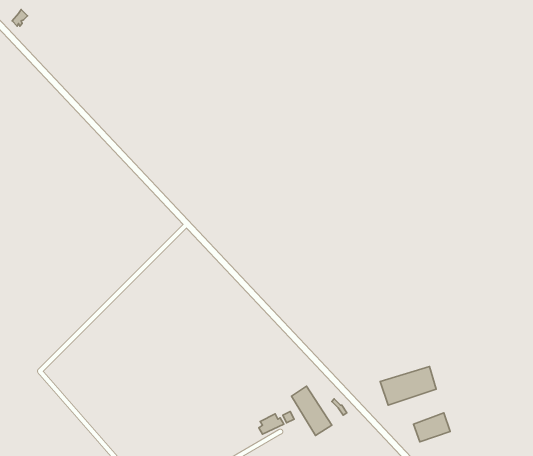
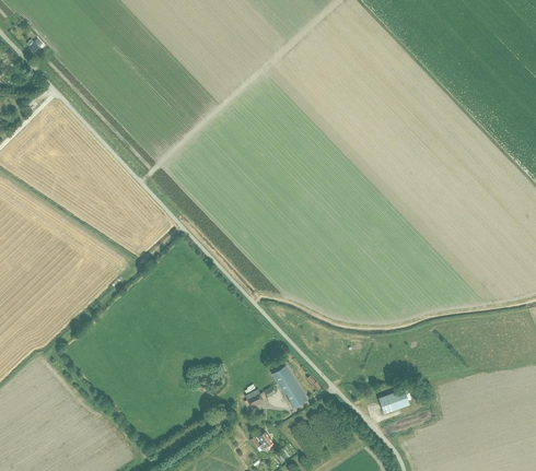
building: [380,367,436,405] -> none

